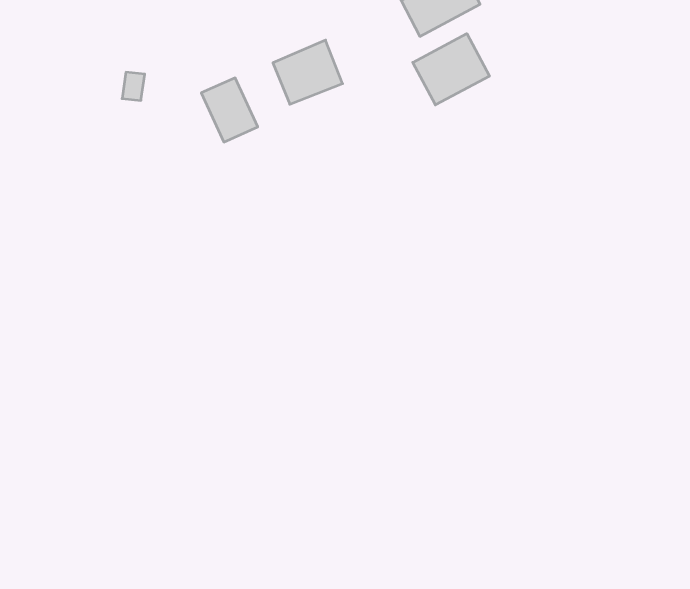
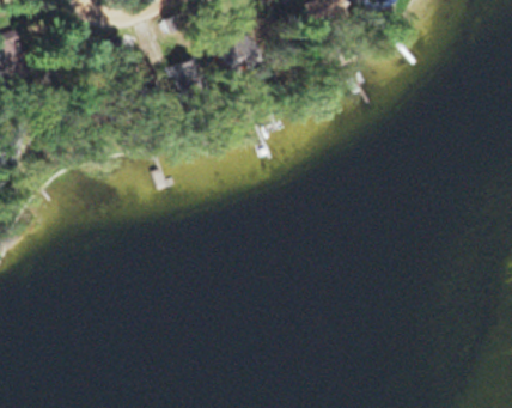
building: [413,34,489,105] -> none

